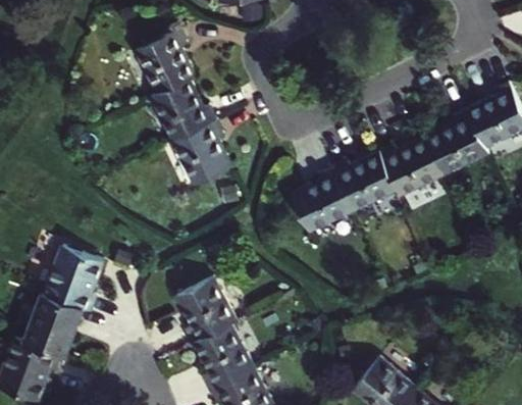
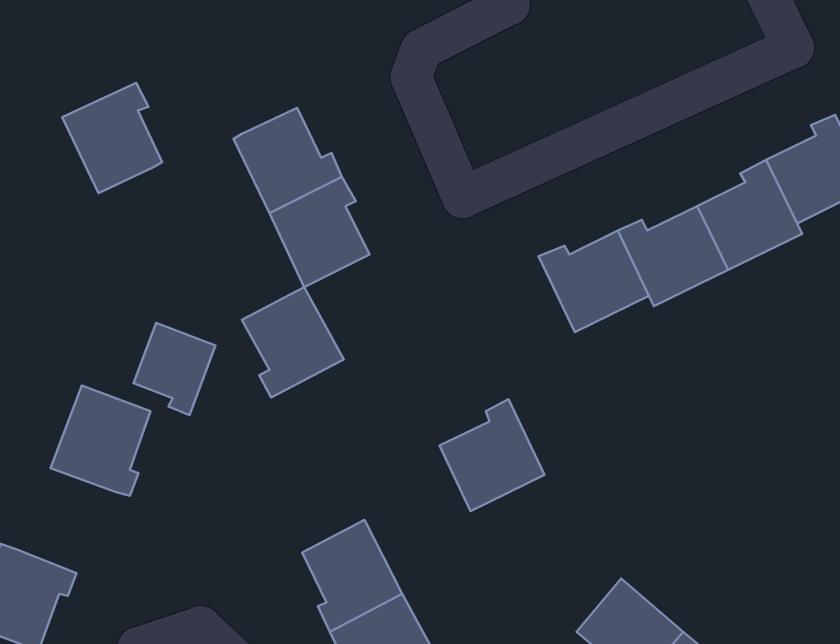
building: [136,30,195,95] -> [62,83,162,193]
building: [292,167,354,234] -> [439,399,545,511]
building: none -> [134,323,216,415]
building: [175,277,236,343] -> [242,287,344,397]
building: [23,292,83,356] -> none

